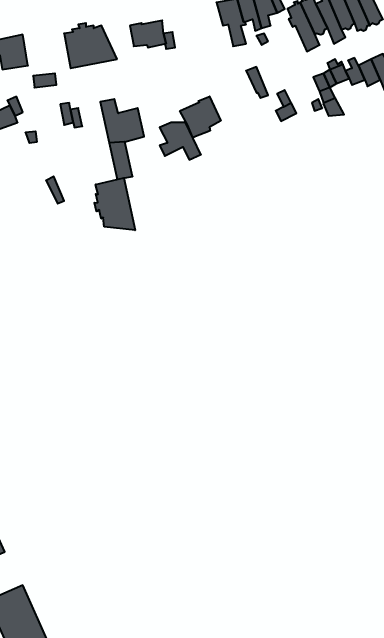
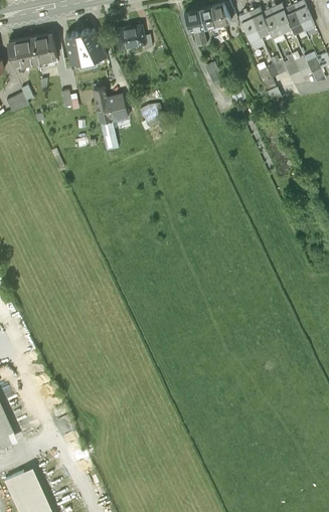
building: none -> [32,34,56,62]
building: [180,96,221,138] -> none
building: [94,178,135,230] -> none

